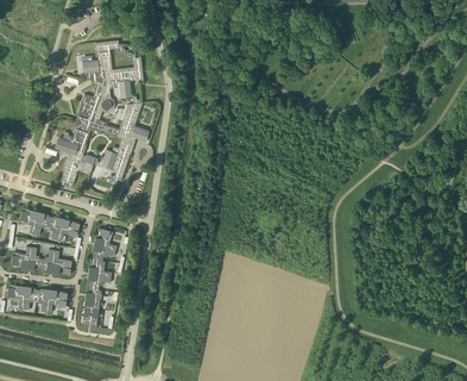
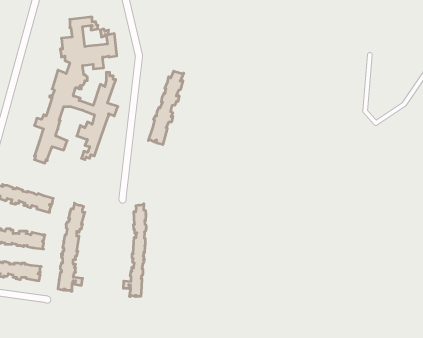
building: none -> [148,71,184,145]
building: none -> [123,204,146,297]

